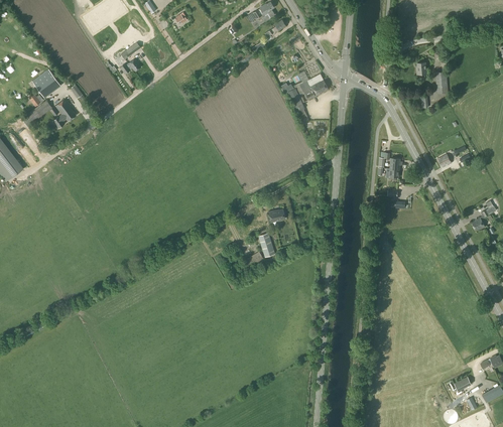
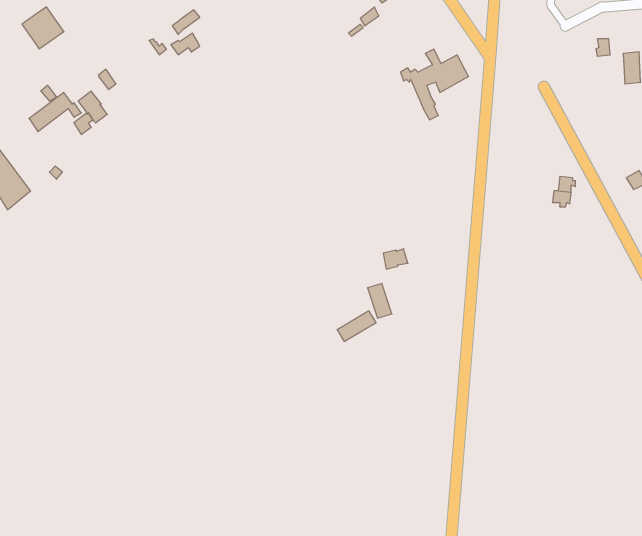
building: [31,68,60,98] -> [22,7,64,49]

